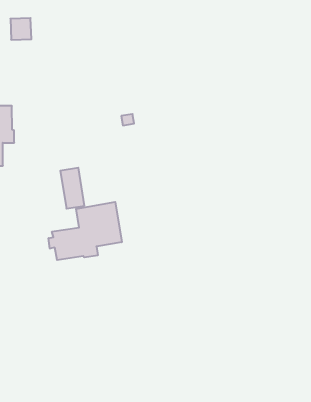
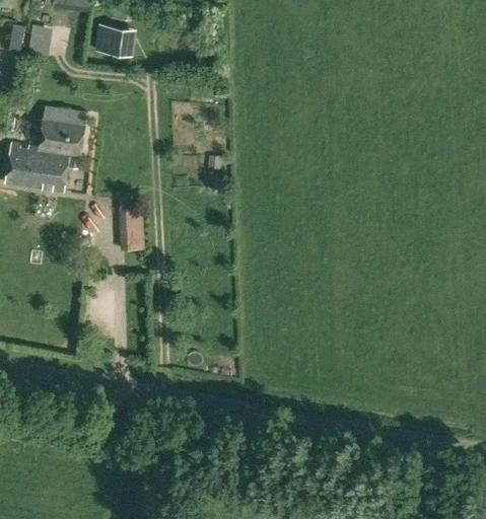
building: [49,202,122,260] -> none

